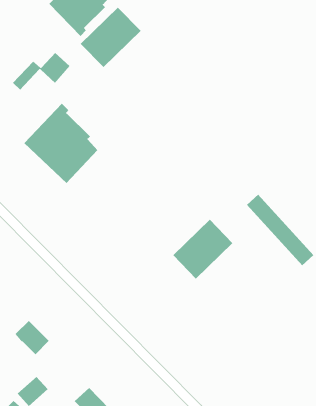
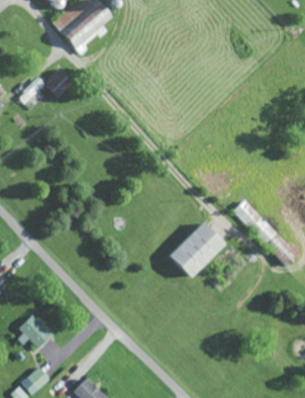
building: [80,7,142,68] -> none
building: [24,103,98,184] -> none

